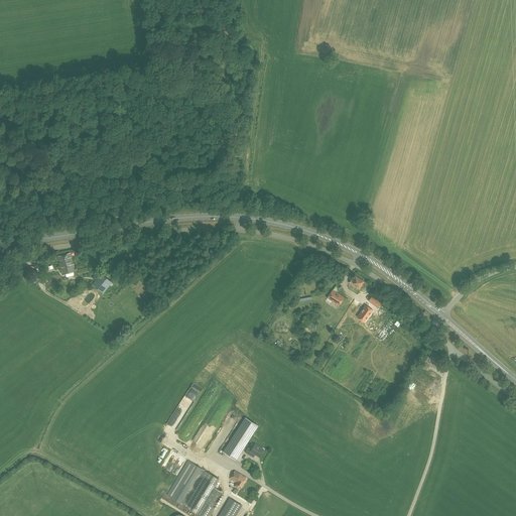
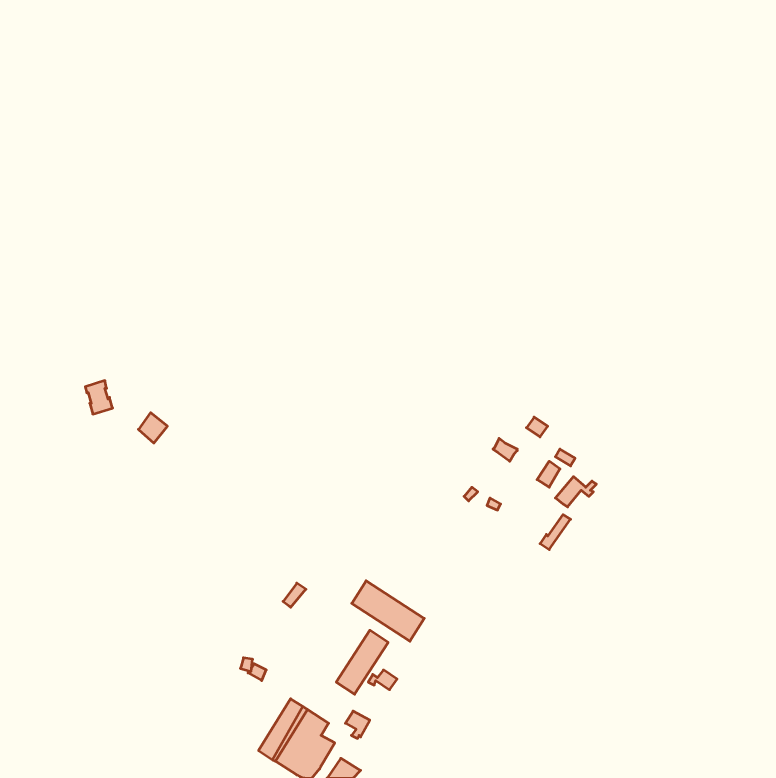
building: none -> [352,581,424,641]

